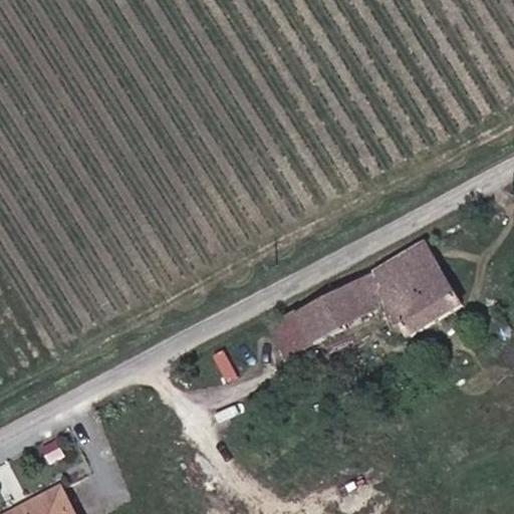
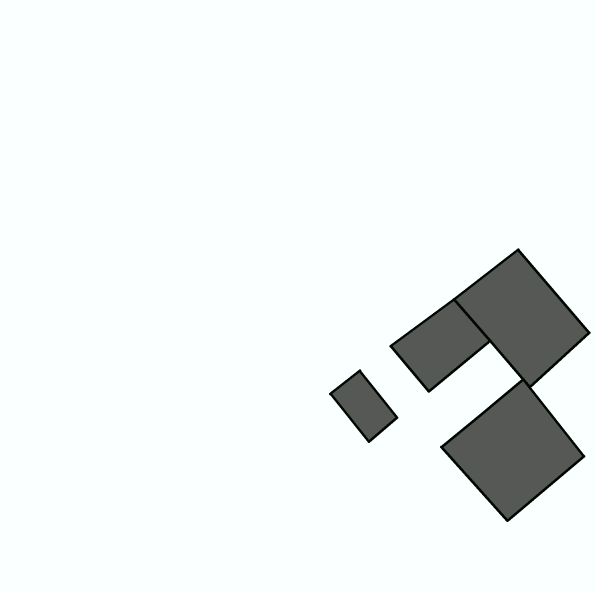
building: [292,296,339,348] -> none
building: none -> [441,379,584,521]

